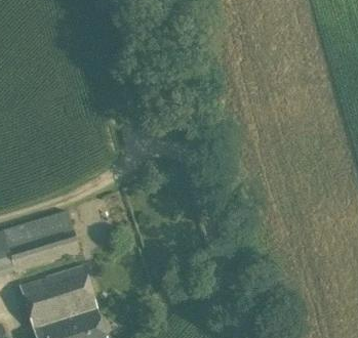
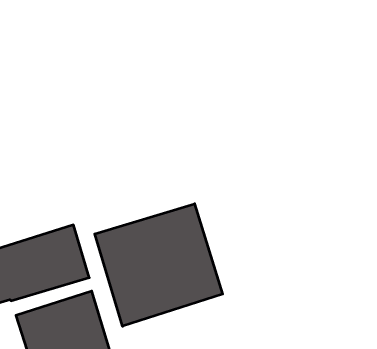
building: none -> [95,204,223,326]

